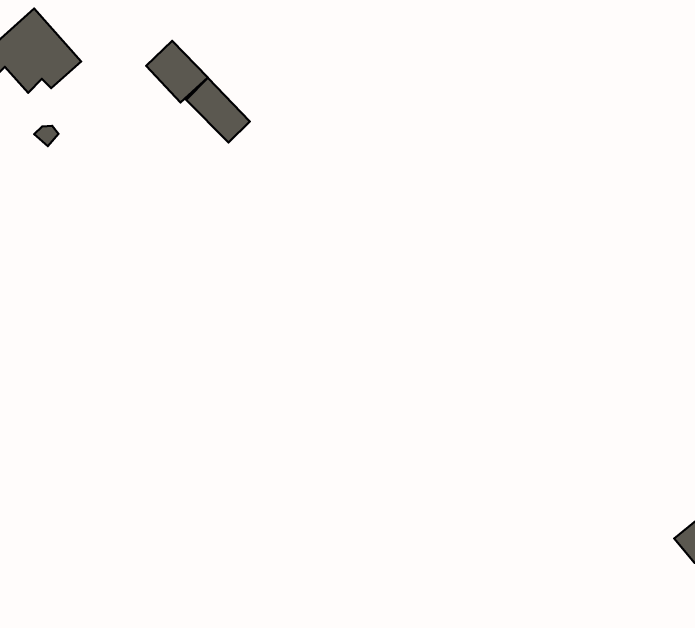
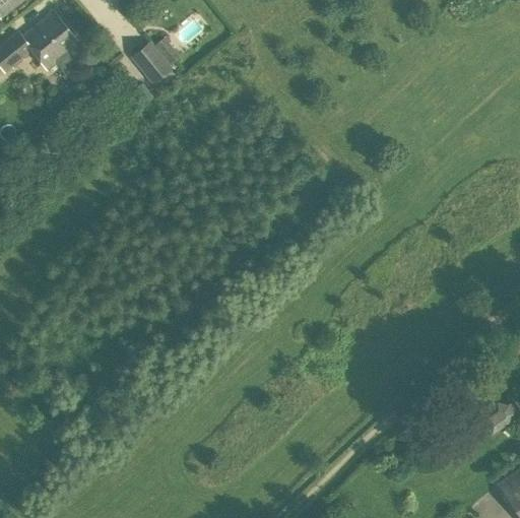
building: [186,78,250,143] -> none

